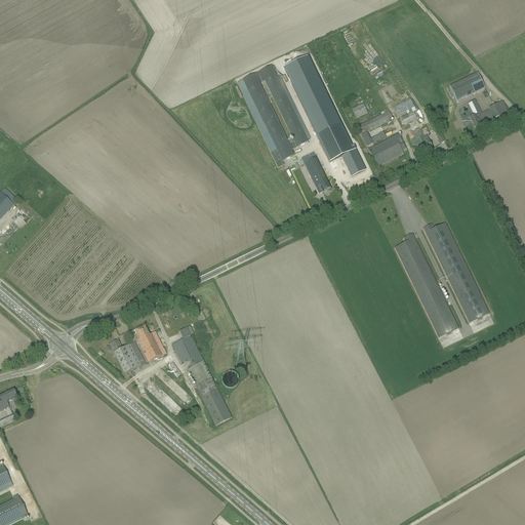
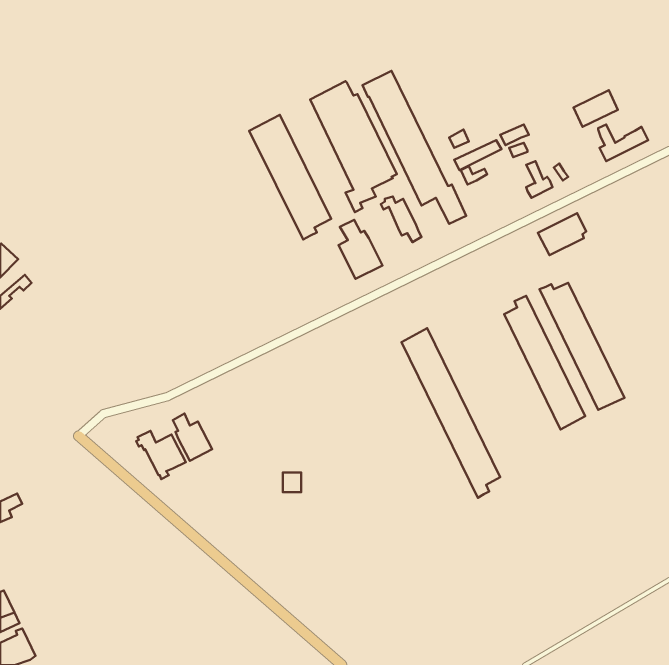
building: none -> [249,115,331,240]
building: [367,132,405,165] -> [538,213,586,255]
building: none -> [339,220,382,279]
building: none -> [402,328,500,498]
building: [171,326,232,425] -> none

